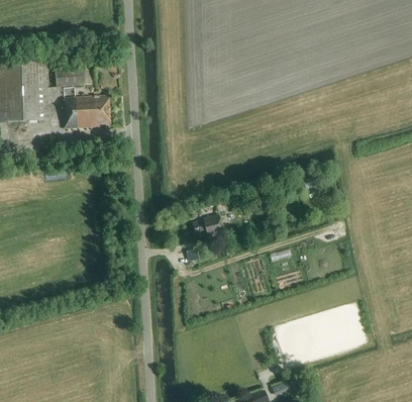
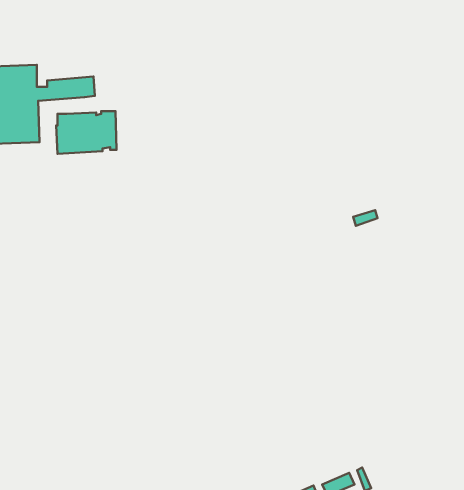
building: [191,213,223,238] -> none

